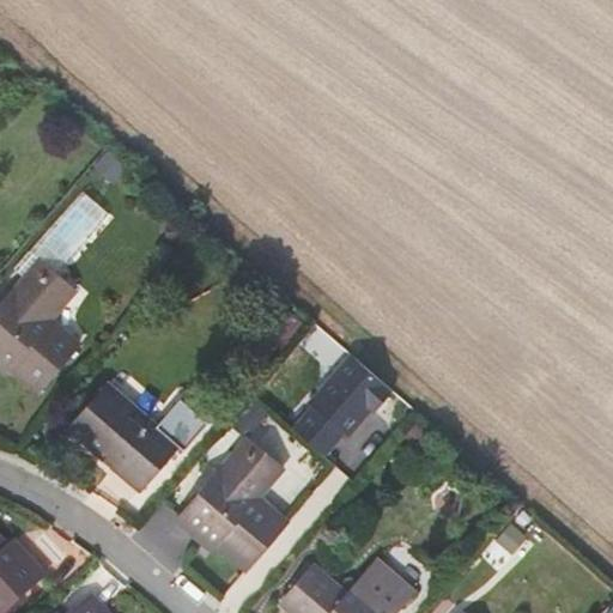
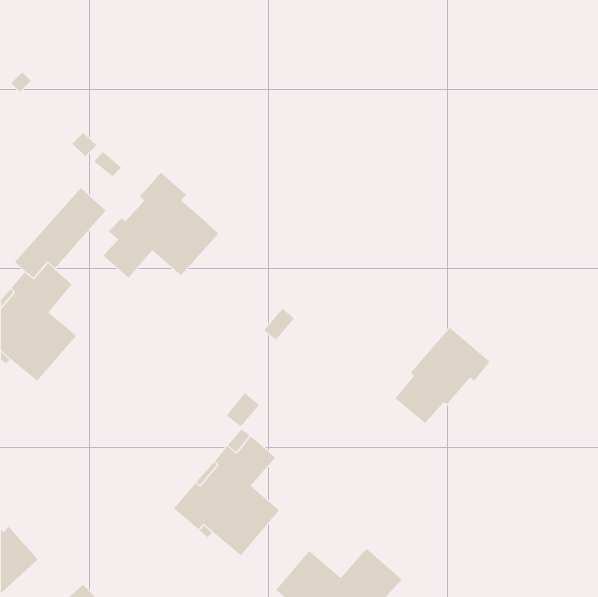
building: none -> [102,172,219,278]
building: [293,357,392,456] -> [395,327,491,424]
building: [68,386,208,491] -> none

